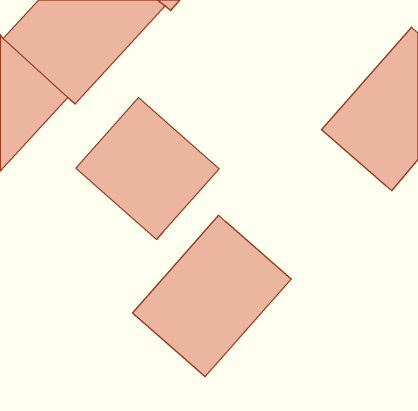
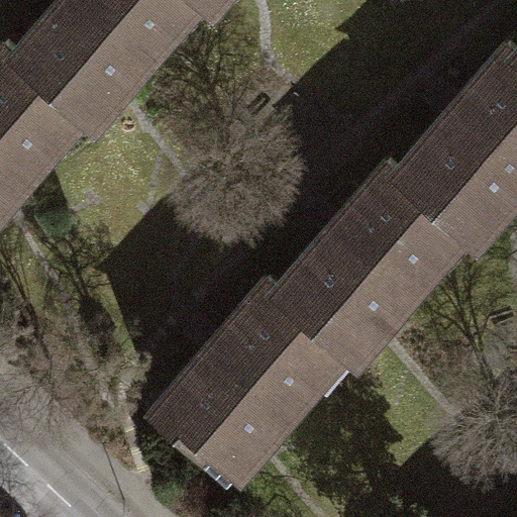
building: [76,98,219,239] -> none
building: none -> [279,160,477,361]

